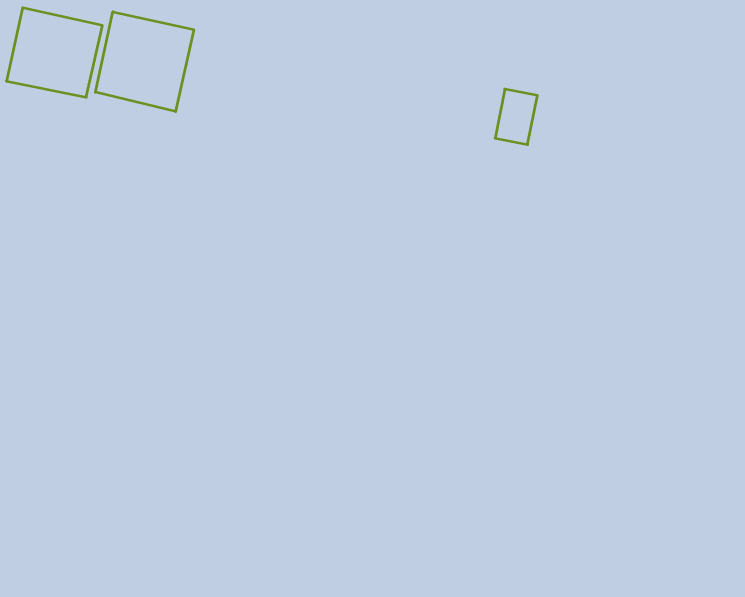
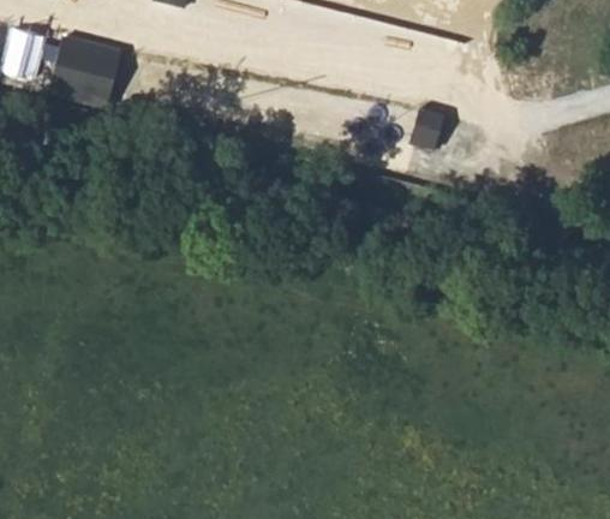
building: [95,12,194,112] -> none

